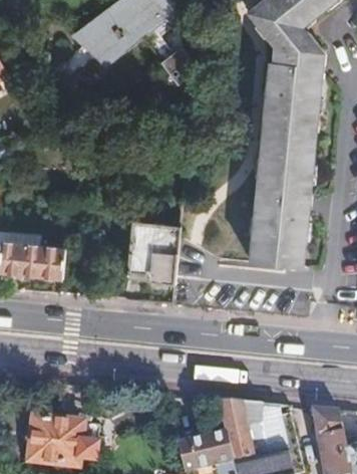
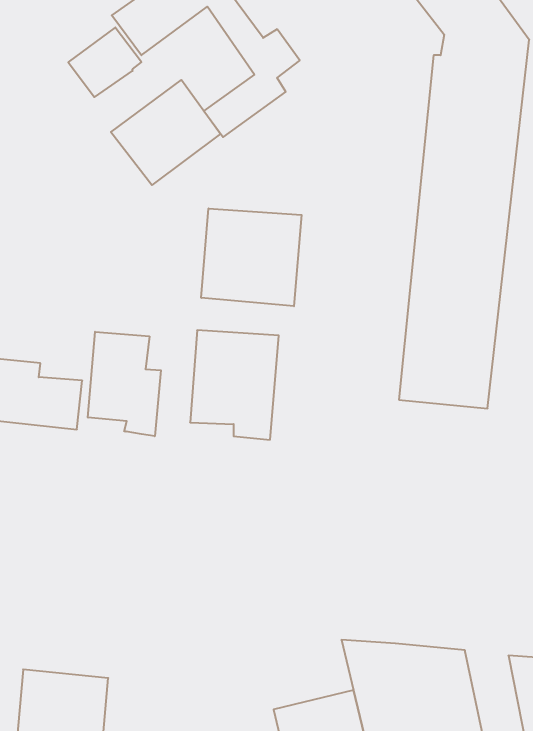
building: none -> [111,80,221,185]
building: none -> [201,208,302,306]
building: none -> [88,332,161,436]

